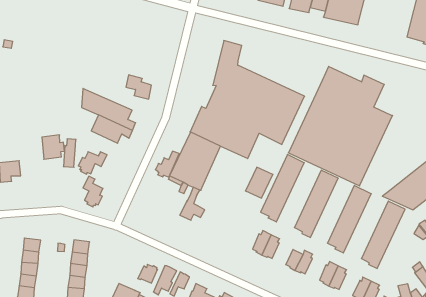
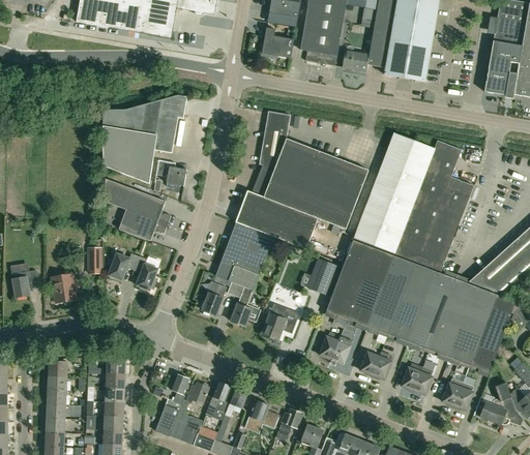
building: none -> [102,95,186,183]
building: [42,135,65,159] -> [52,273,80,303]
building: [155,151,179,177] -> [200,284,227,315]
building: none -> [346,248,394,326]
building: [83,176,103,207] -> [134,255,157,292]
building: none -> [387,264,435,341]
building: none -> [428,279,476,357]
building: none -> [469,295,516,372]
building: none -> [263,310,298,339]
building: none -> [165,372,190,414]

